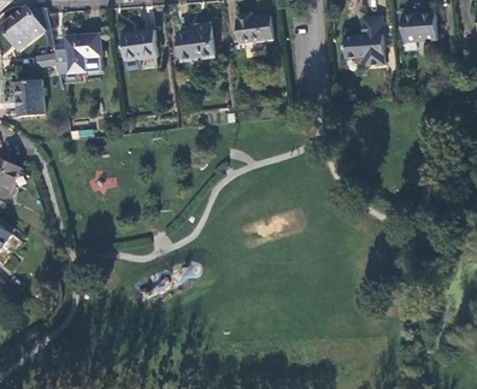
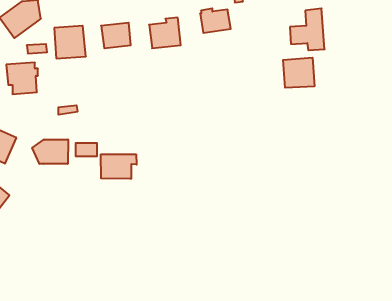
building: [402,11,437,48] -> none
building: none -> [283,58,314,88]
building: none -> [32,139,68,164]
building: none -> [101,154,137,179]

